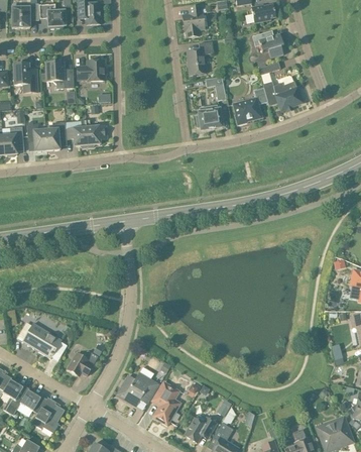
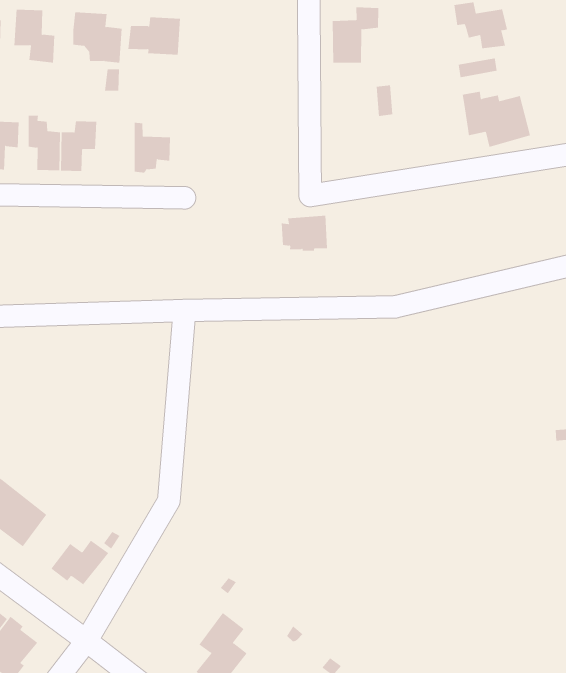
building: [233,87,267,125] -> none
building: [195,108,222,129] -> [281,215,328,251]
building: [66,119,88,147] -> none
building: [119,372,157,406] -> none

